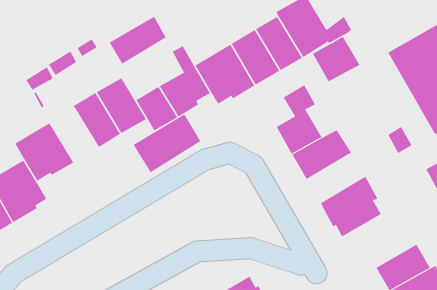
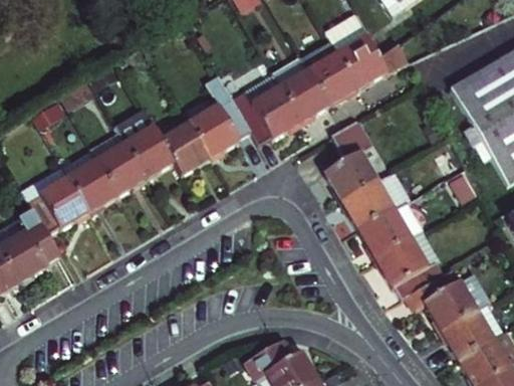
building: [109,16,167,65] -> none
building: [312,36,360,82] -> none
building: none -> [63,150,119,213]
building: [133,113,201,173] -> none
building: none -> [360,204,426,260]
building: none -> [405,261,493,336]

